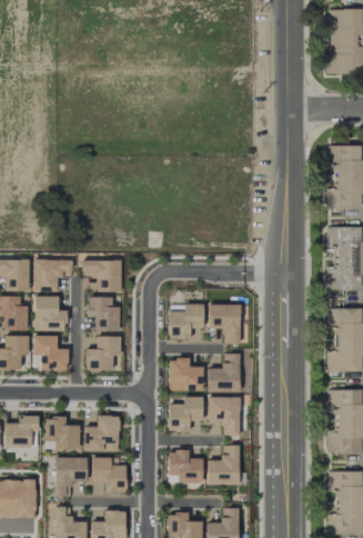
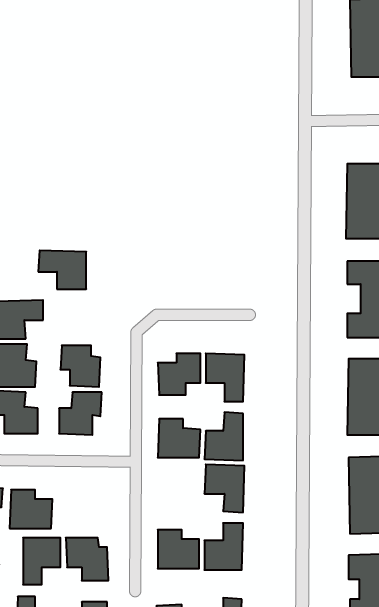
building: [81,259,121,291] -> [38,250,86,289]
building: [168,396,203,431] -> none
building: [83,415,119,450] -> none

